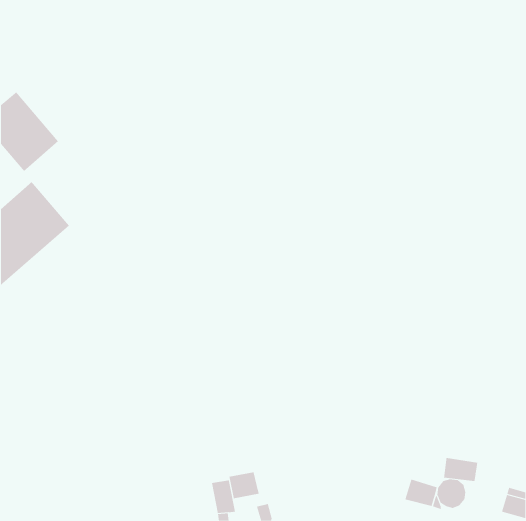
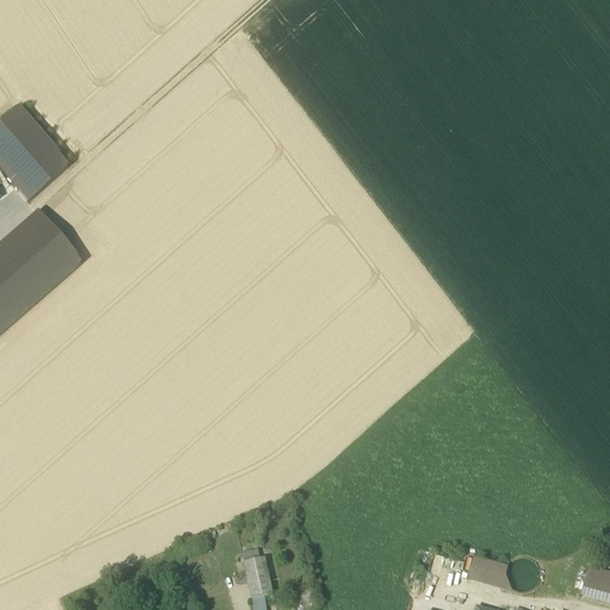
building: [444,457,478,482] -> none
building: [229,472,259,499] -> none

